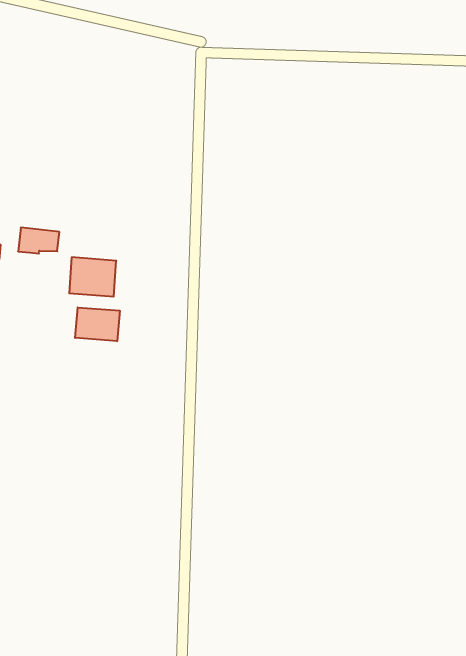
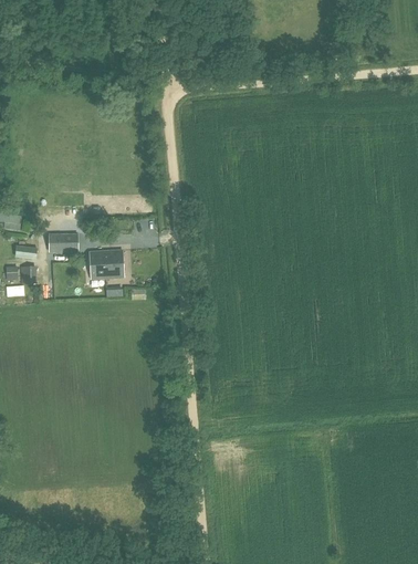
building: [75,307,120,341] -> none

